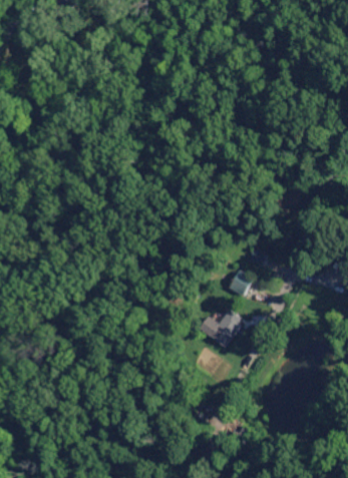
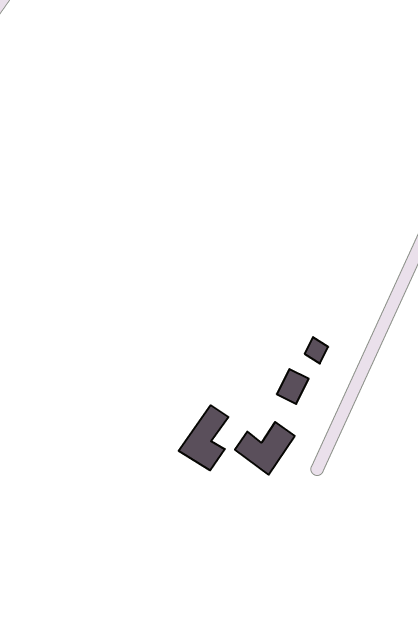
building: none -> [179,405,228,470]

